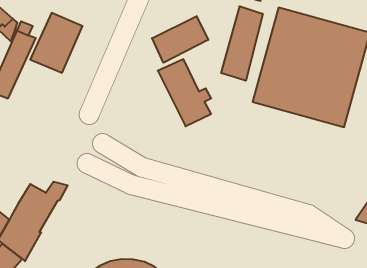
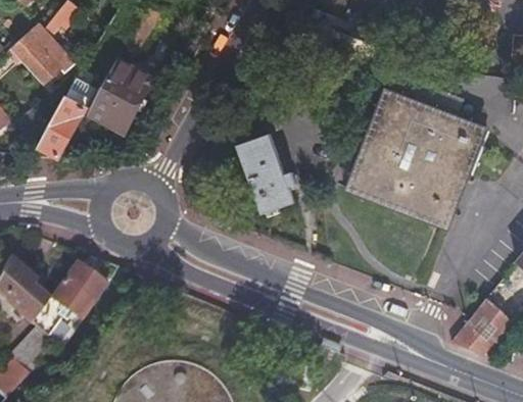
building: [221,6,263,81] -> none
building: [152,16,208,63] -> none

